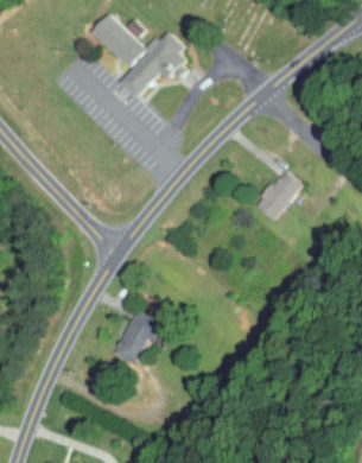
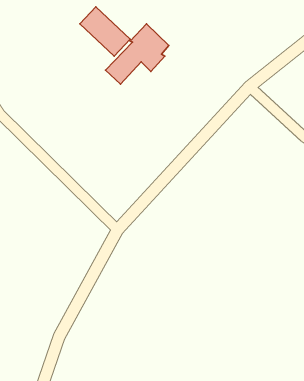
building: [256,170,301,221] -> none
building: [115,311,158,364] -> none

